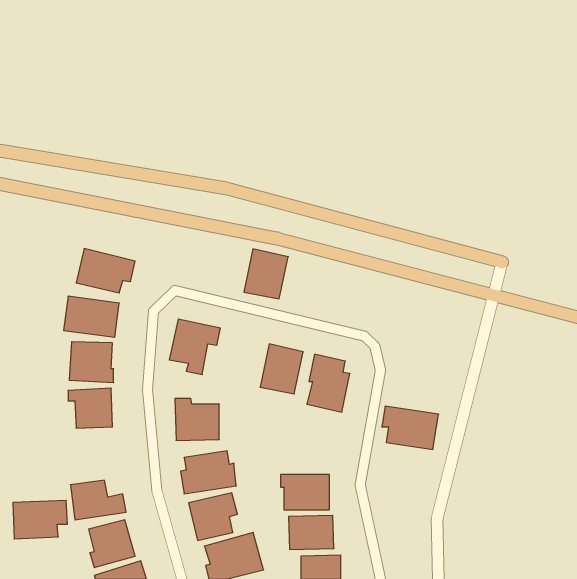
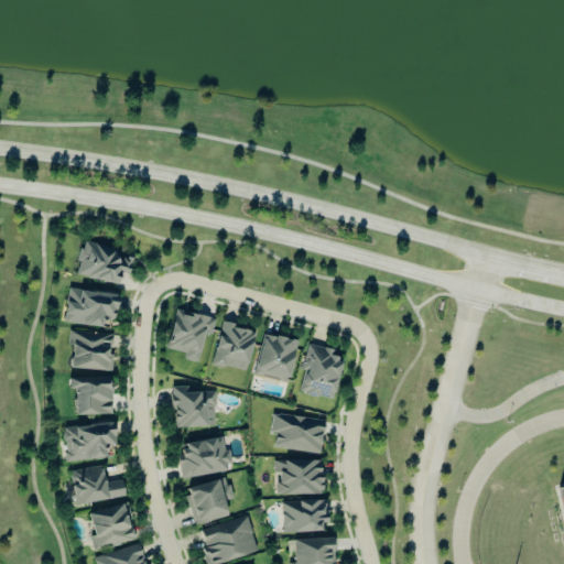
building: [244,249,288,299] -> [214,323,257,371]
building: [382,406,439,449] -> [271,413,326,455]
building: [13,500,67,539] -> [64,424,117,462]

